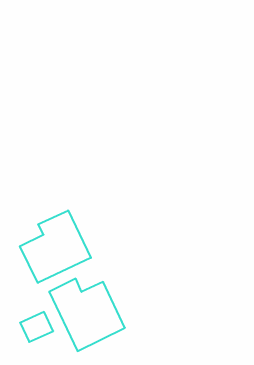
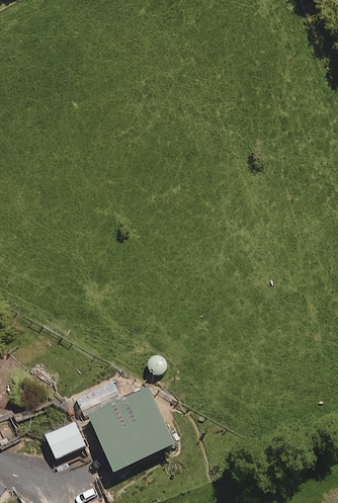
building: [20,210,91,283] -> none

